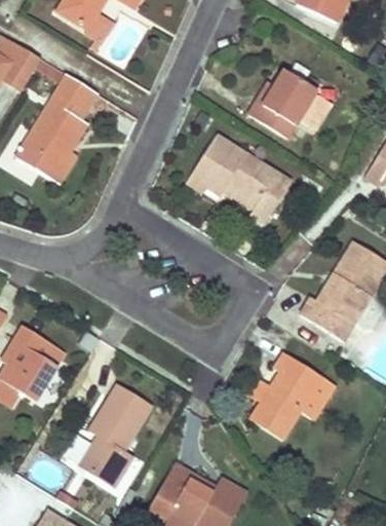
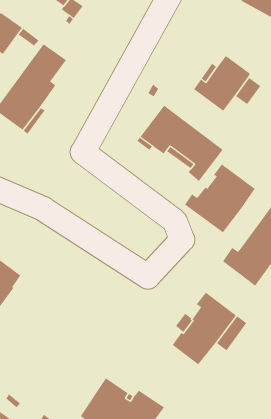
building: none -> [184,164,255,233]
building: [79,384,151,486] -> none

